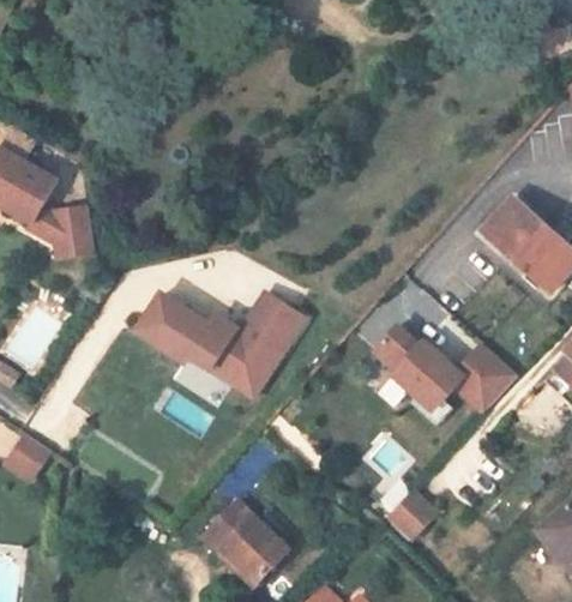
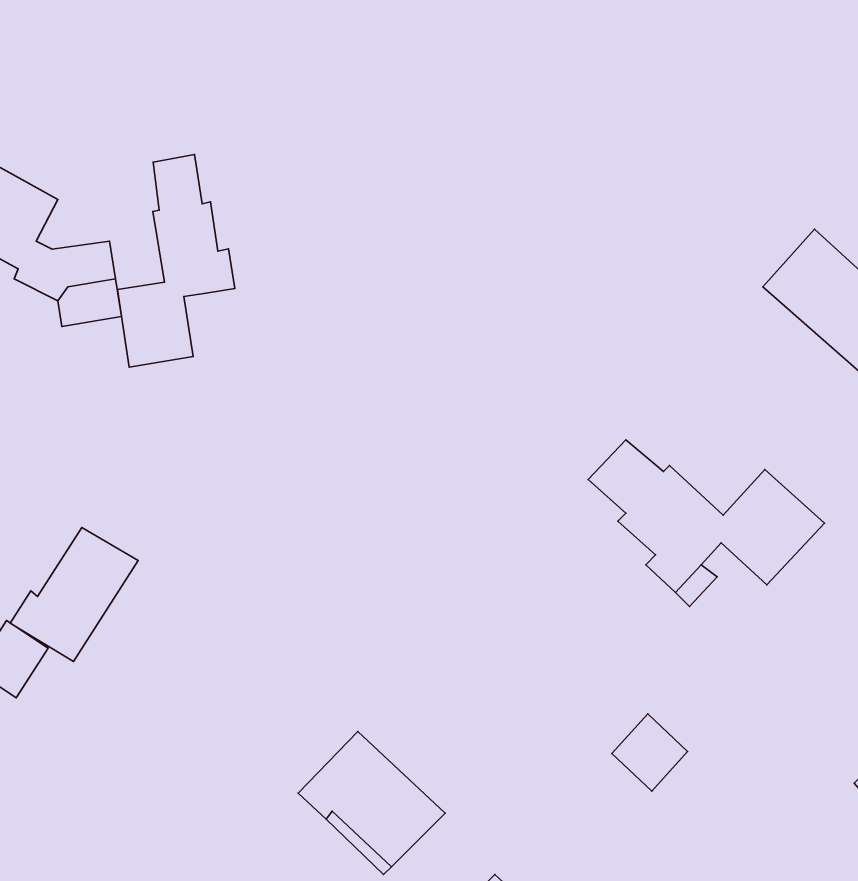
building: none -> [117,155,235,367]
building: [137,291,305,397] -> none
building: none -> [10,527,138,662]

